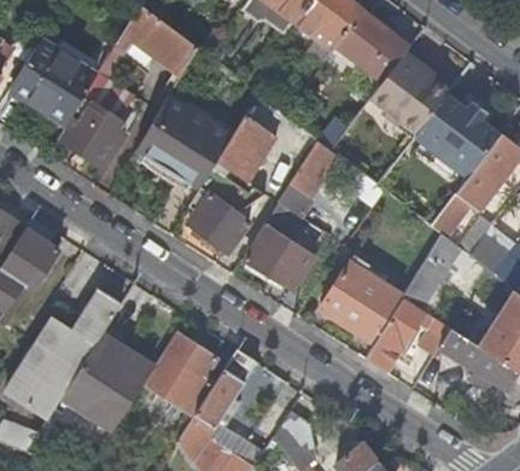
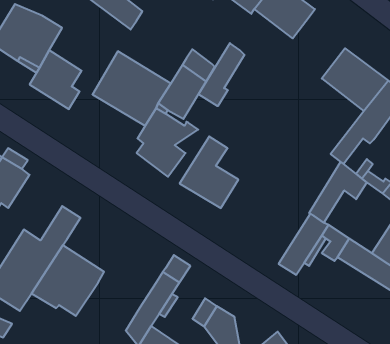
building: [370,56,450,133] -> none
building: [280,140,337,217] -> [199,43,245,106]
building: [321,263,403,343] -> none
building: [144,332,216,414] -> none

